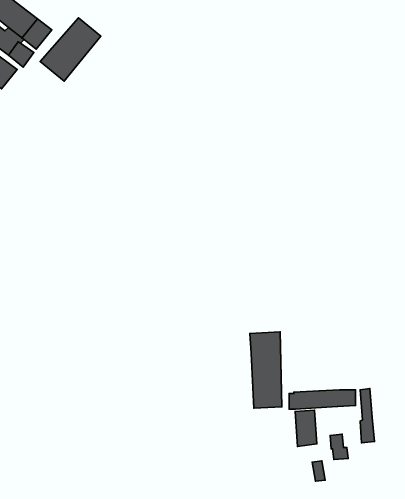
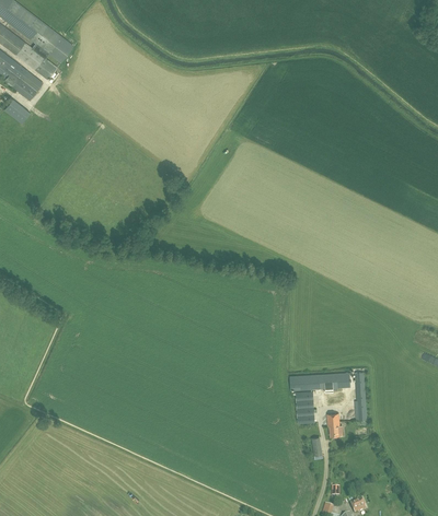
building: [40,18,101,81] -> none
building: [250,332,282,408] -> none

